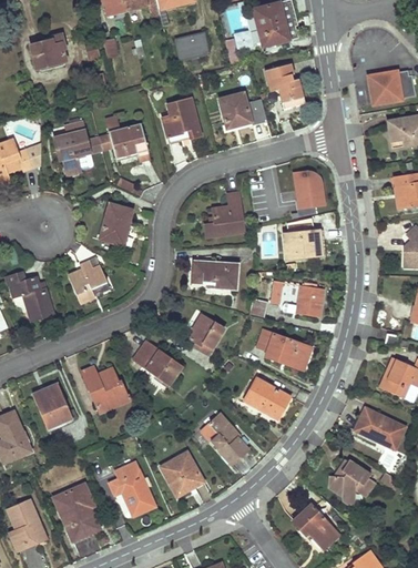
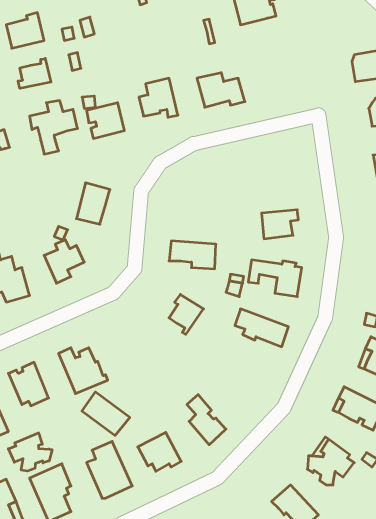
building: [174,32,208,61] -> none
building: [264,63,303,108] -> none
building: none -> [18,58,51,88]
building: [294,170,323,215] -> none
building: [204,192,244,235] -> none
building: [133,341,181,384] -> [82,392,130,435]
building: [244,377,289,418] -> none
building: none -> [8,433,52,471]

